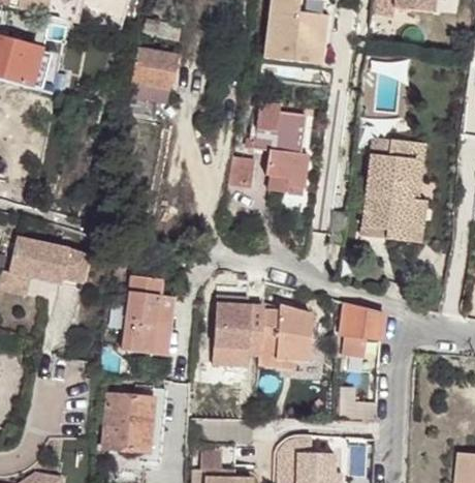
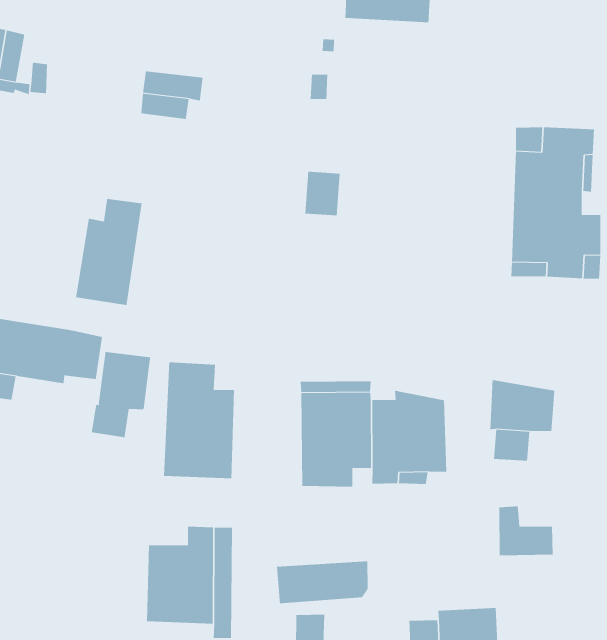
building: [130,46,176,88] -> none
building: [253,100,308,190] -> none
building: none -> [75,198,142,306]
building: none -> [91,351,151,438]

